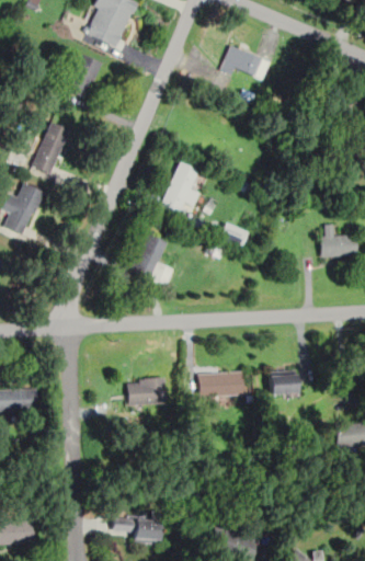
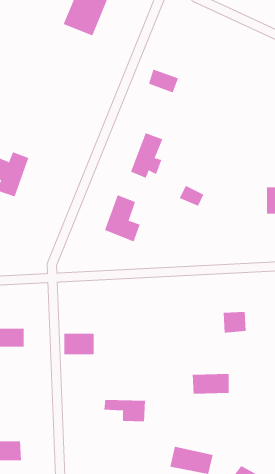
building: [225,45,261,73] -> [148,69,179,93]
building: [66,53,103,98] -> none
building: [33,121,69,174] -> none
building: [199,371,243,396] -> [192,373,229,394]
building: [128,378,164,403] -> [64,333,94,355]
building: [113,517,162,543] -> [104,399,146,422]

